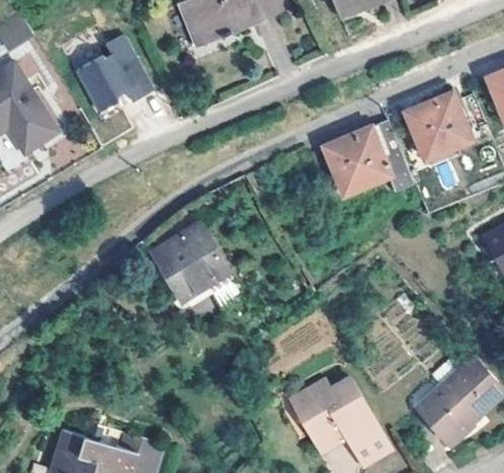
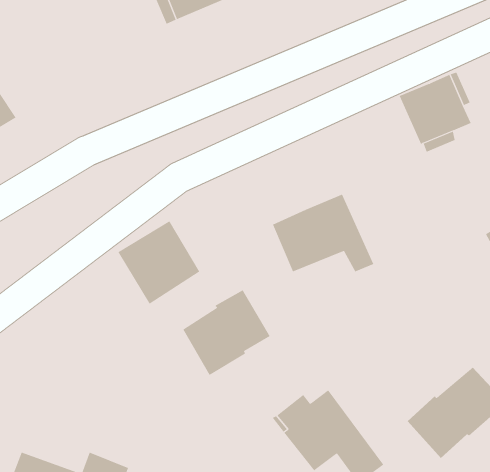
building: [78,35,156,112] -> none
building: [324,120,415,190] -> [272,194,374,272]
building: none -> [183,289,271,376]

